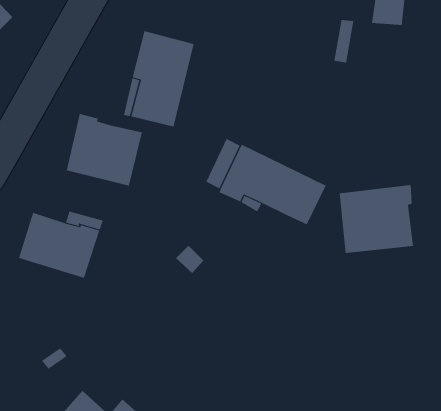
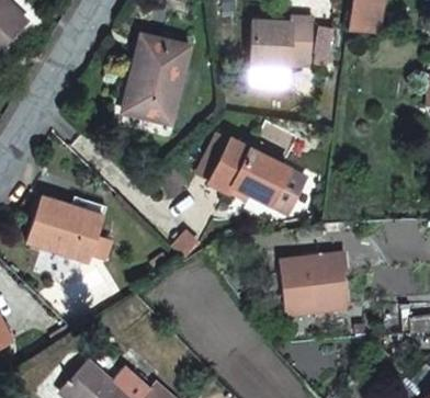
building: none -> [252,16,315,84]
building: [66,113,142,187] -> none
building: [339,185,414,254] -> [281,251,349,314]

